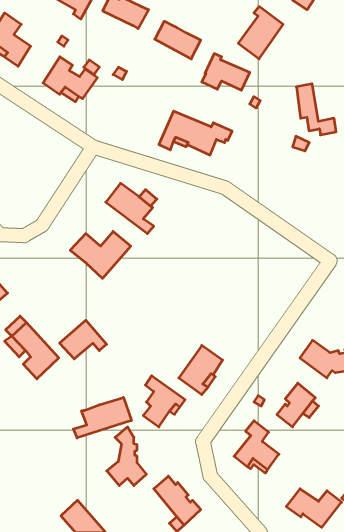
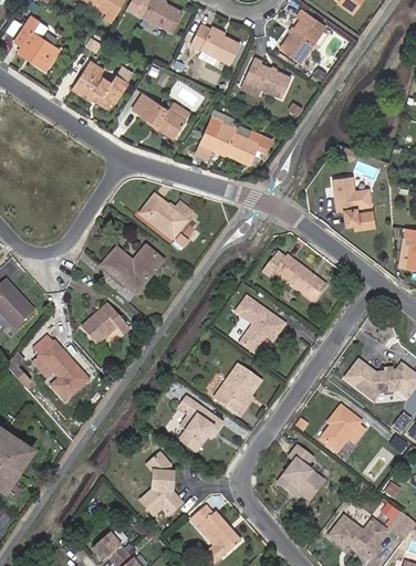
building: [296,84,336,135] -> [335,175,377,229]
building: none -> [132,93,189,138]
building: none -> [261,249,326,302]
building: none -> [237,297,285,357]
building: [60,320,107,359] -> [81,303,131,344]
building: [73,397,131,438] -> none

